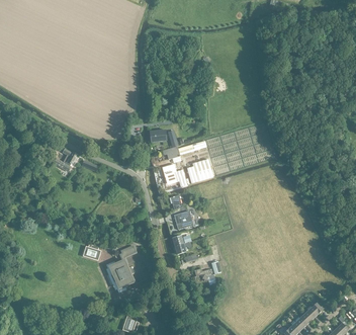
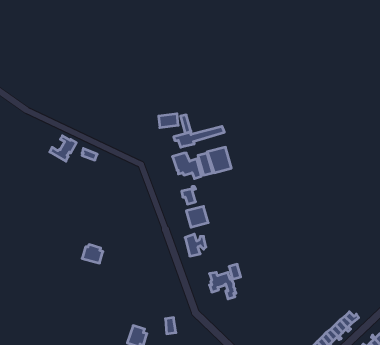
building: [107,244,151,291] -> none

